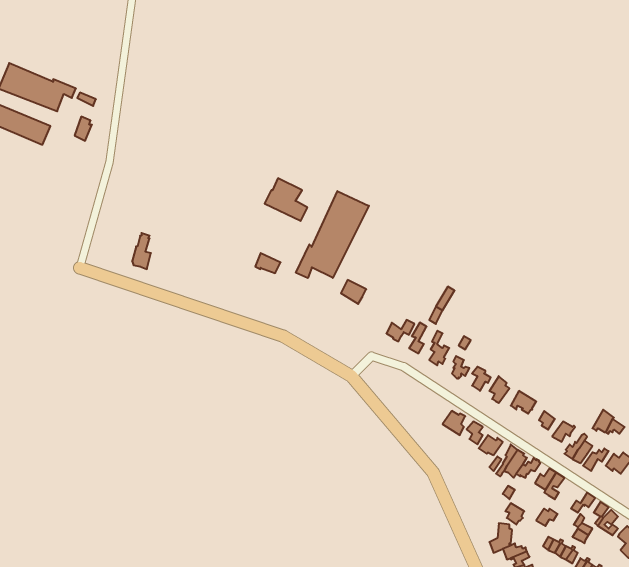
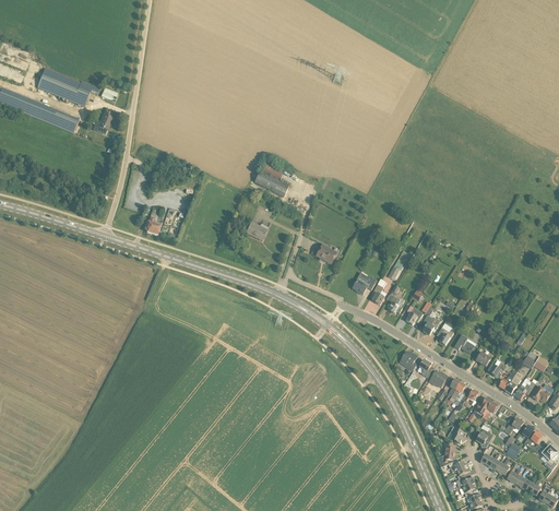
building: [296,191,369,278] -> none

